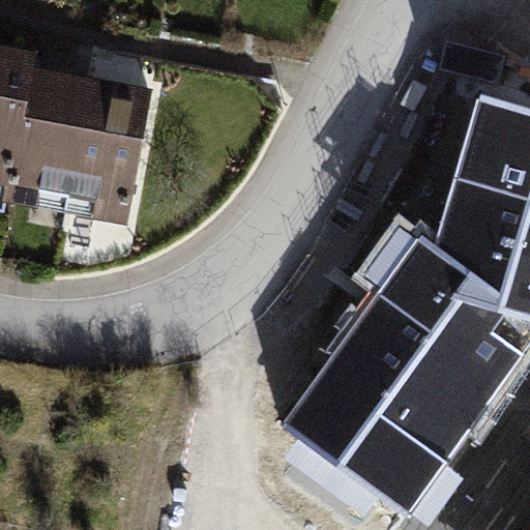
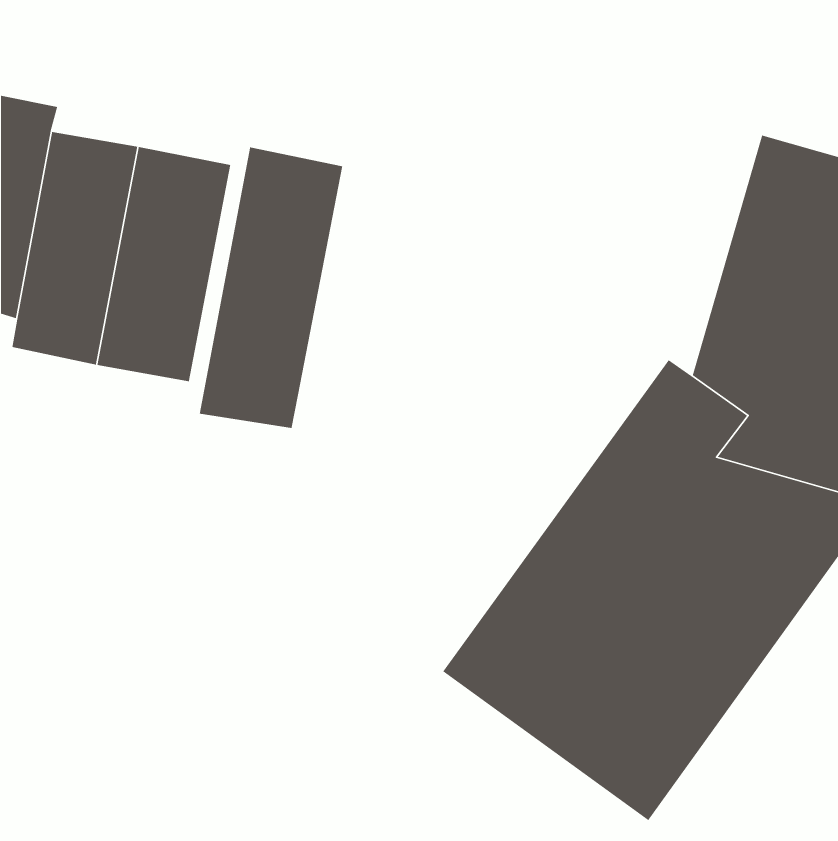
building: none -> [199,146,343,429]

